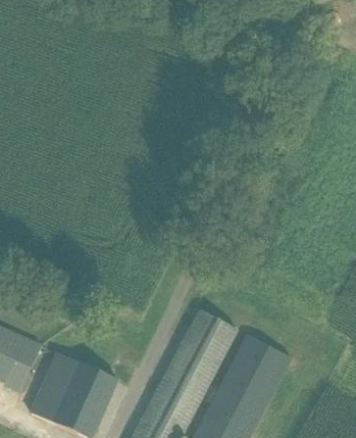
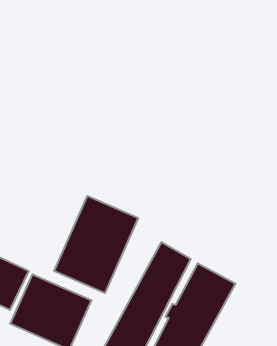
building: none -> [54,196,138,293]

